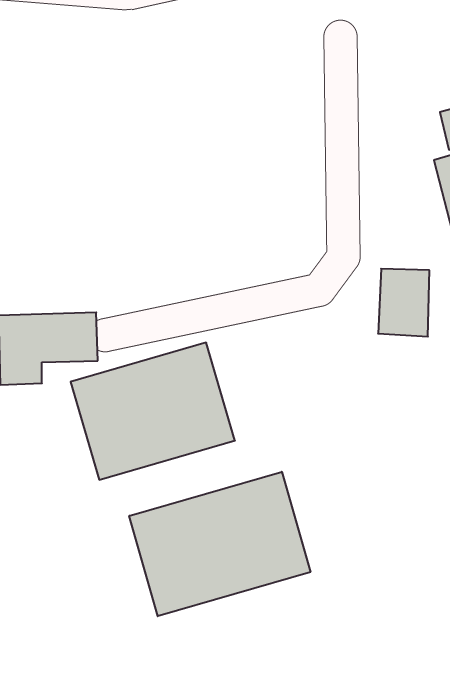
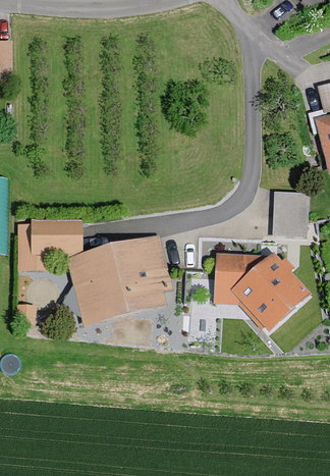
building: none -> [215,252,310,332]
building: [129,472,310,616] -> none

